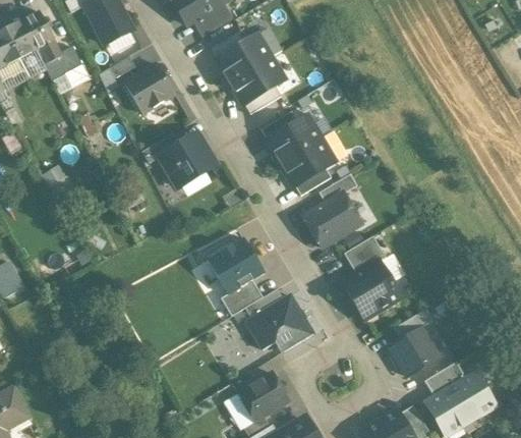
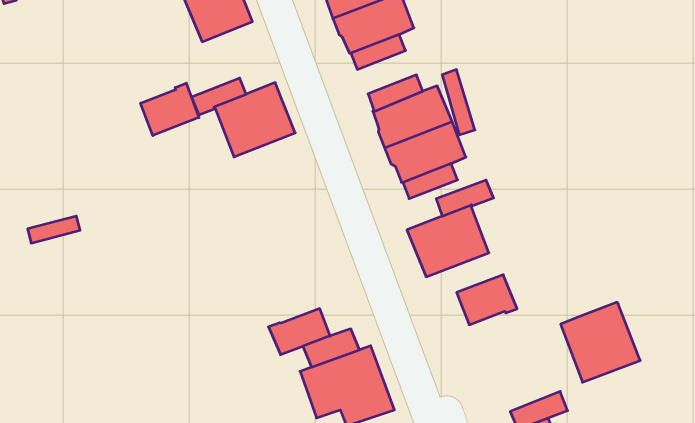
building: none -> [141,83,199,136]
building: [208,237,266,294] -> none
building: [343,261,401,319] -> [561,302,640,382]

